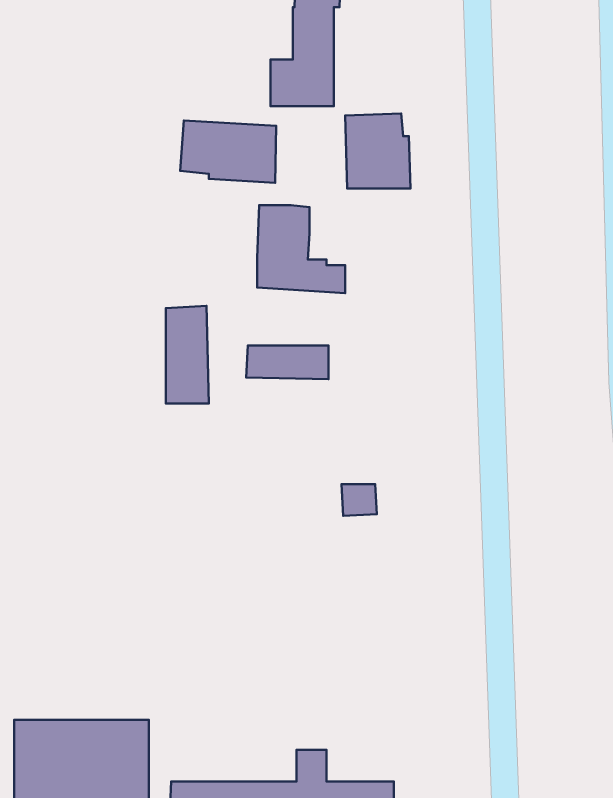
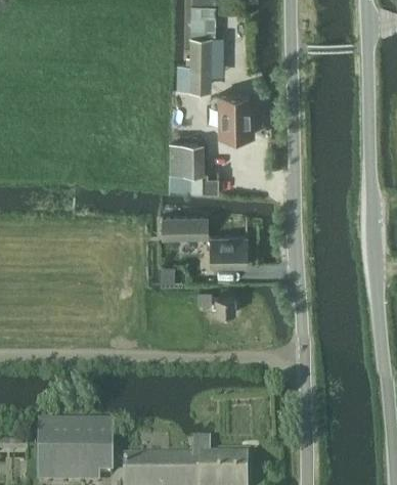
building: [180,121,276,183] -> none
building: [166,306,209,404] -> none
building: none -> [211,235,247,265]

